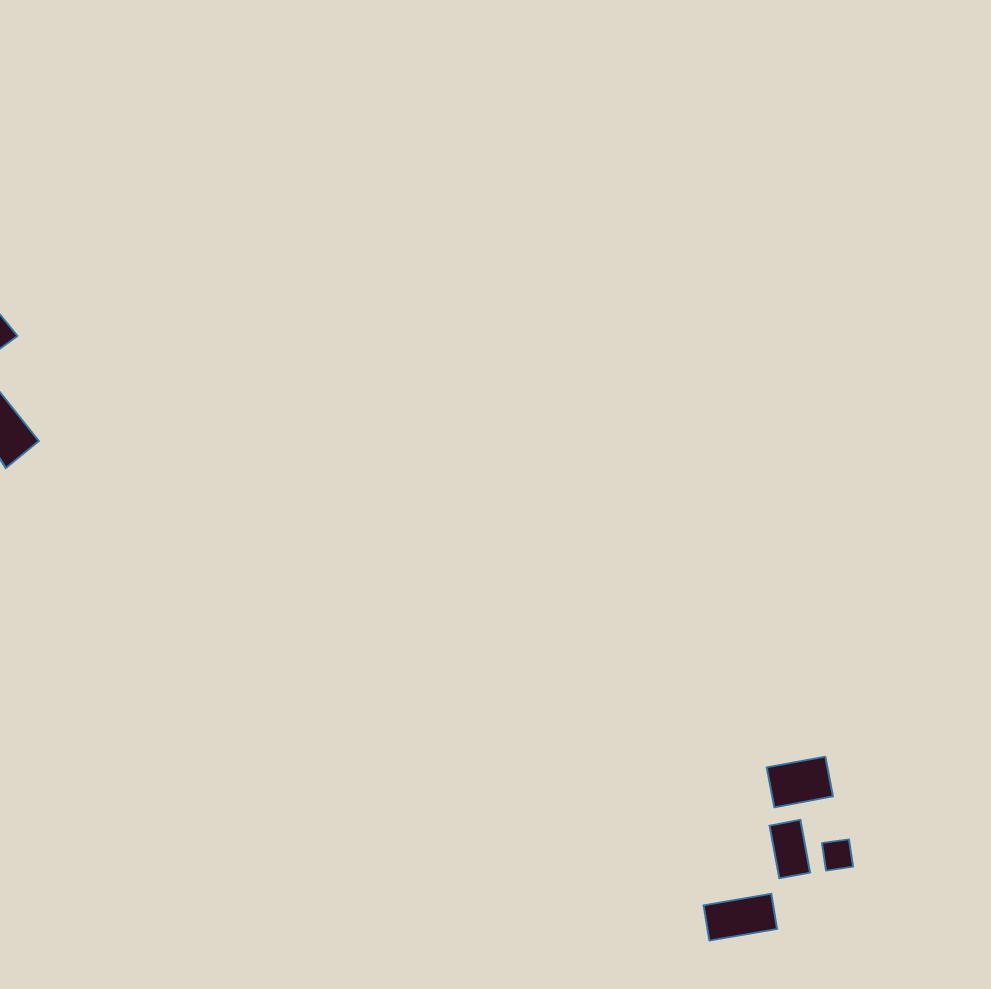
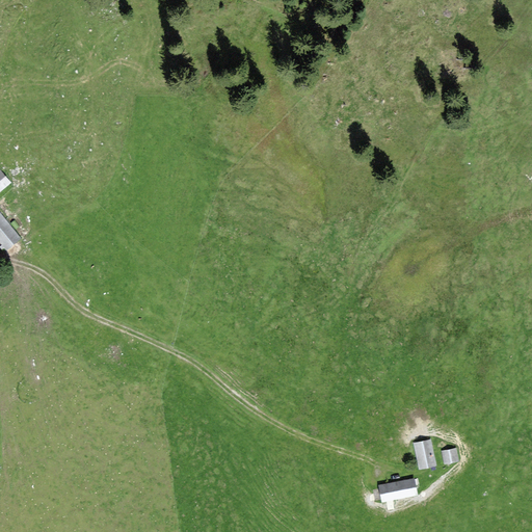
building: [767,757,833,807] -> none

